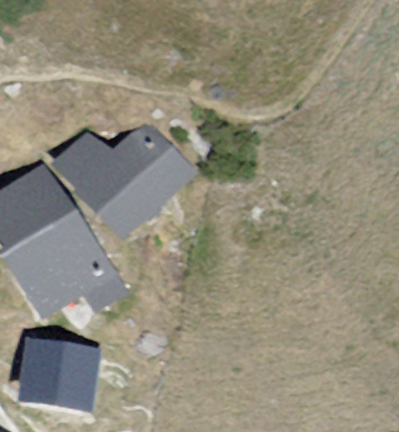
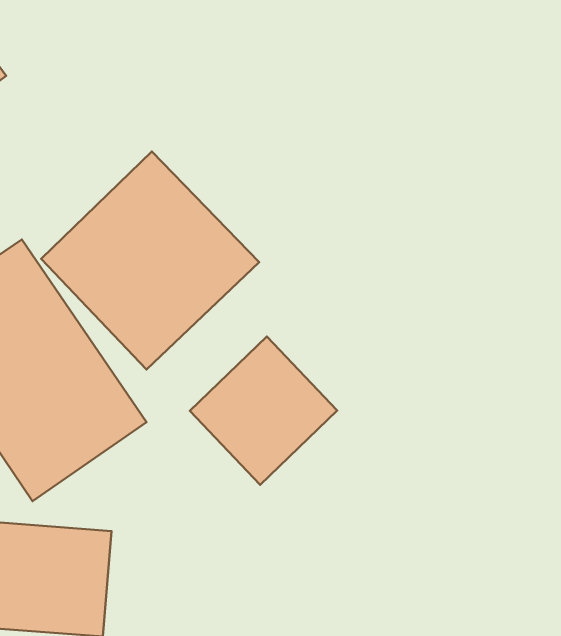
building: none -> [190,337,337,485]

